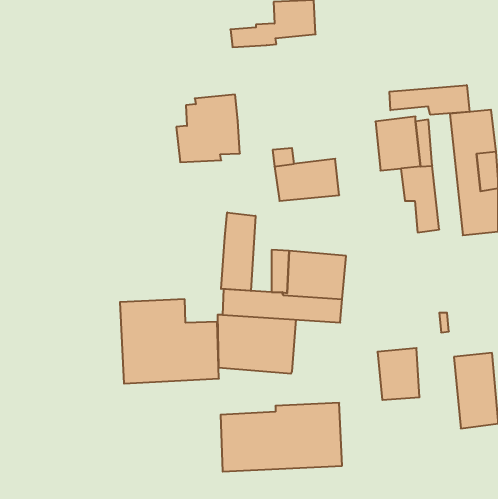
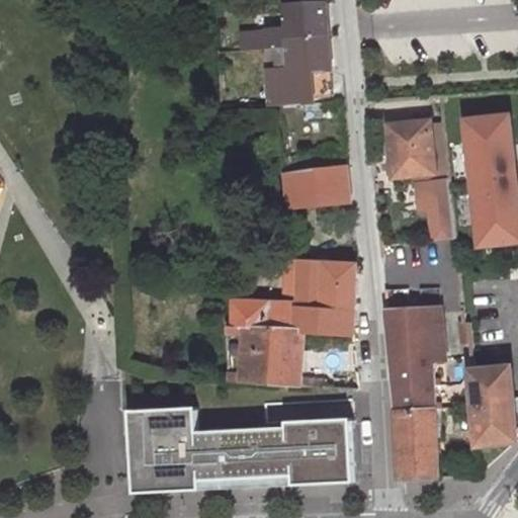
building: [390,85,470,115] -> none
building: [176,95,240,162] -> [265,35,331,105]
building: [221,212,255,291] -> none
building: none -> [384,307,442,363]
building: [120,299,219,384] -> [127,405,230,492]
building: none -> [395,410,437,477]

